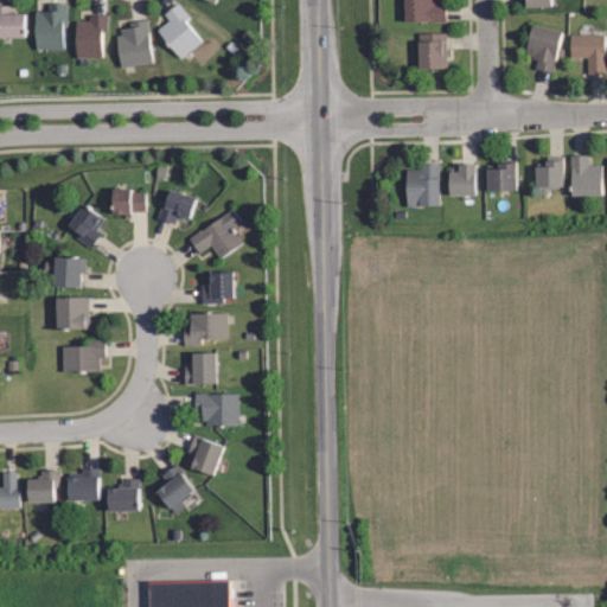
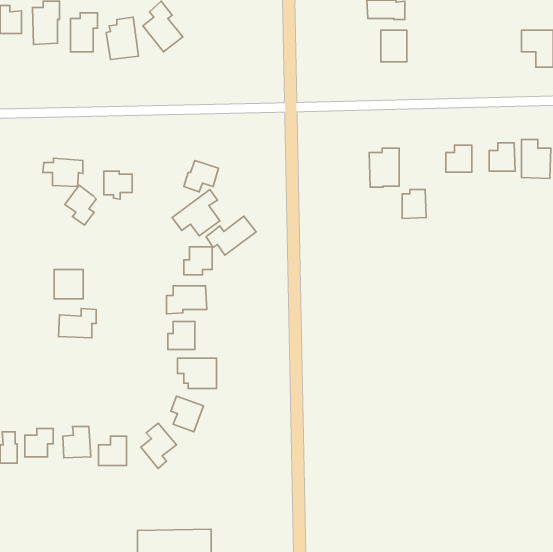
building: [523,26,560,74] -> none
building: [449,164,475,196] -> [402,189,426,219]
building: [156,190,194,224] -> [184,161,219,192]
building: none -> [206,216,256,255]
building: [44,257,88,288] -> [43,158,83,186]

